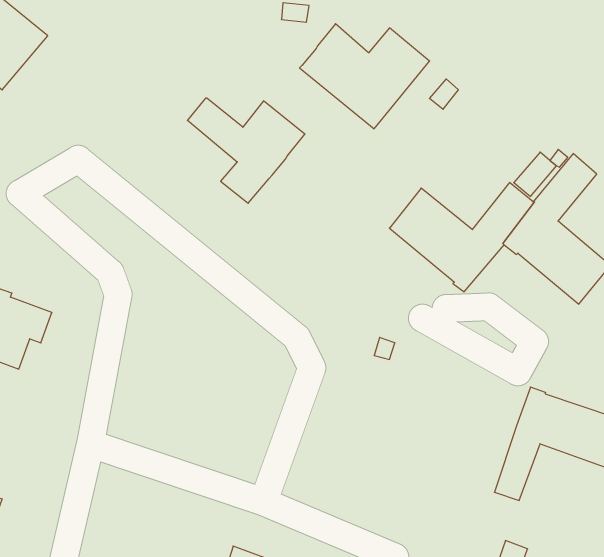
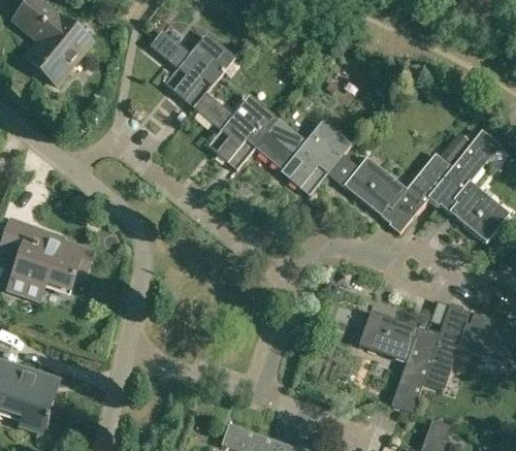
building: none -> [150,30,234,106]
building: [300,24,430,129] -> [255,117,352,195]
building: none -> [359,312,440,414]

